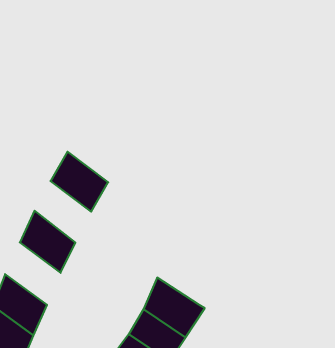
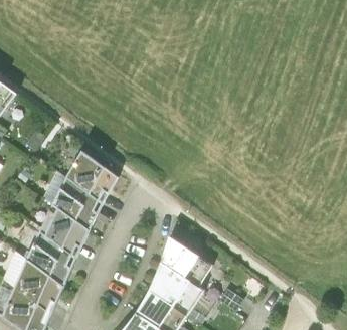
building: none -> [52,176,103,230]
building: none -> [26,230,75,286]
building: none -> [161,236,212,286]

